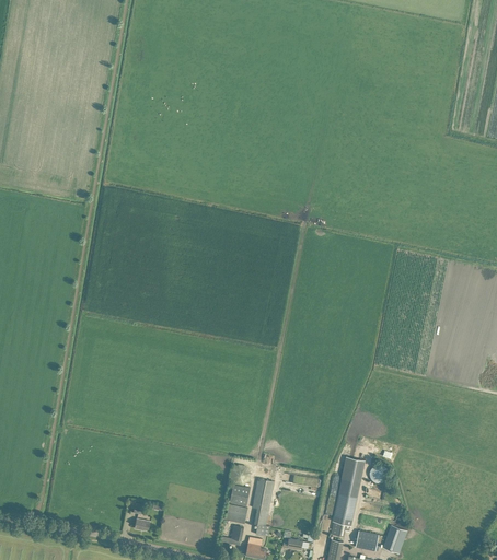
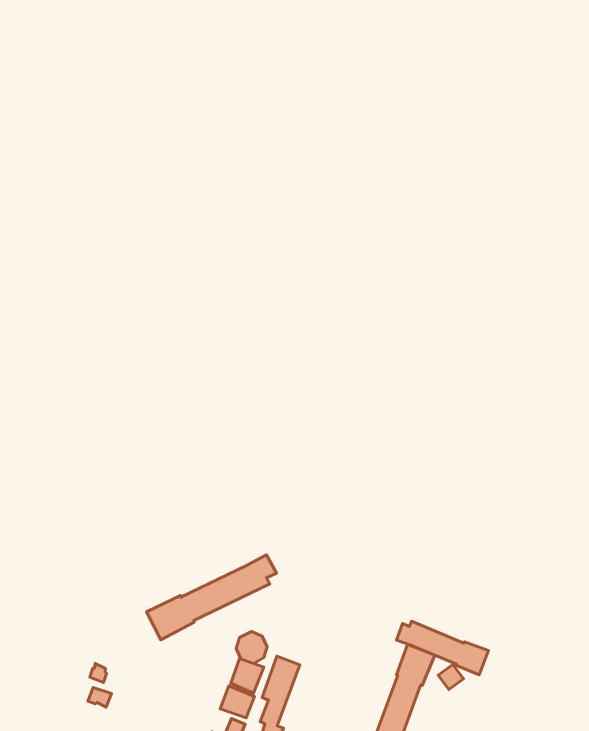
building: none -> [147,555,277,640]
building: none -> [397,621,489,675]

